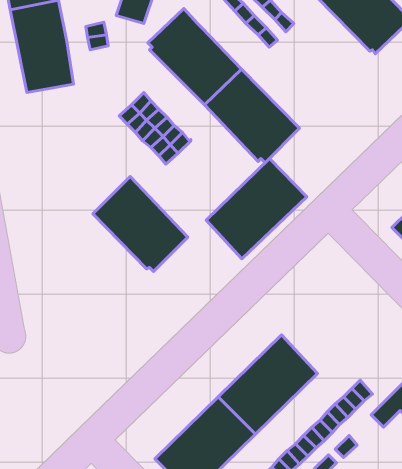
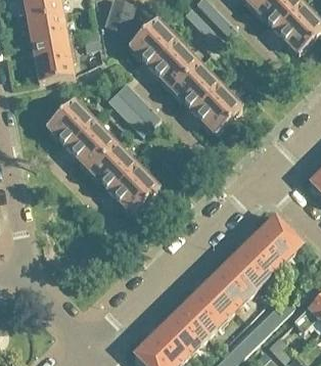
building: none -> [46,99,116,171]
building: [206,158,307,259] -> [228,215,303,289]

